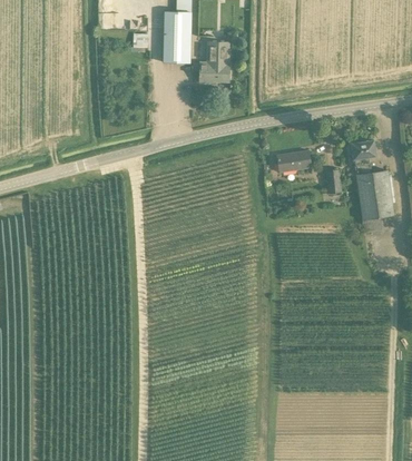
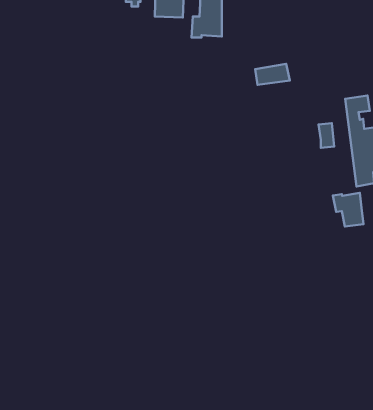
building: [276,151,311,173] -> [255,64,290,85]
building: none -> [333,193,364,227]

